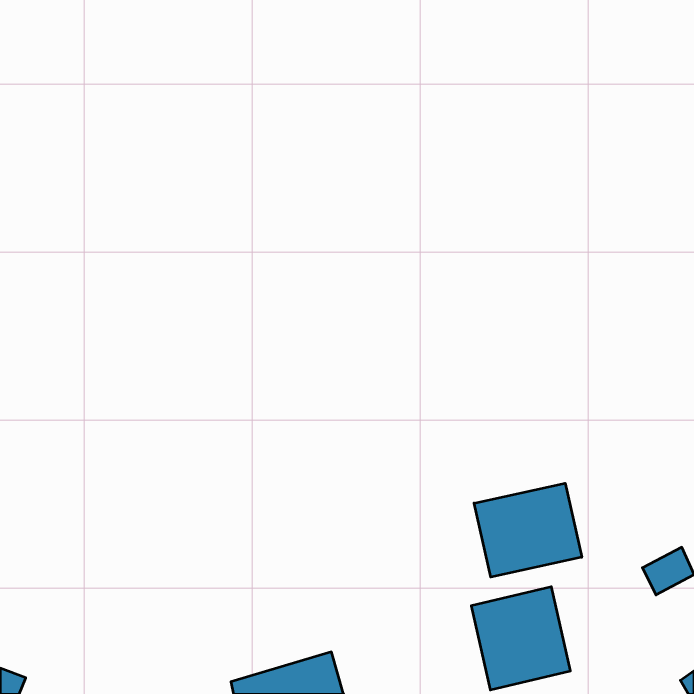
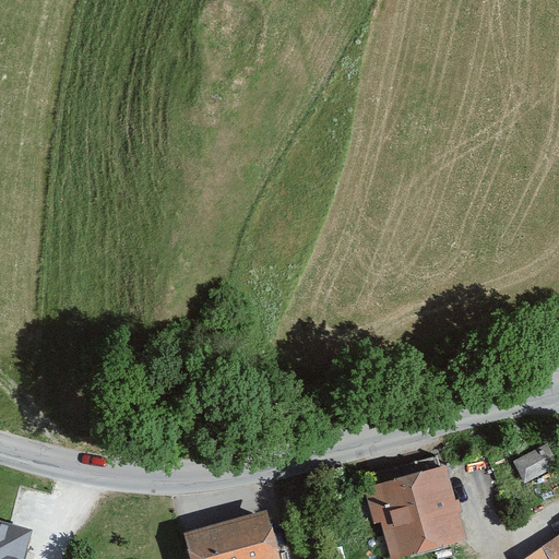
building: [474,483,582,577] -> none

